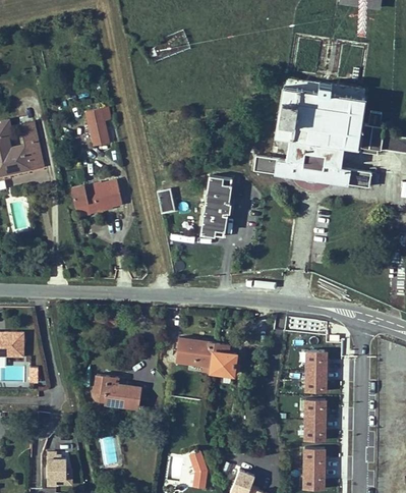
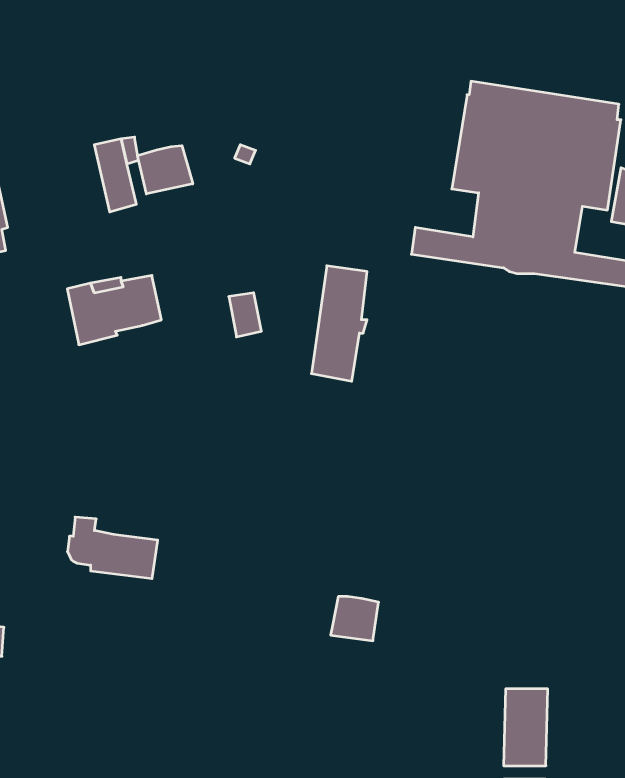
building: none -> [138,146,193,194]
building: [177,339,222,367] -> none
building: [304,350,327,393] -> none
building: [94,376,141,408] -> [67,517,158,579]

